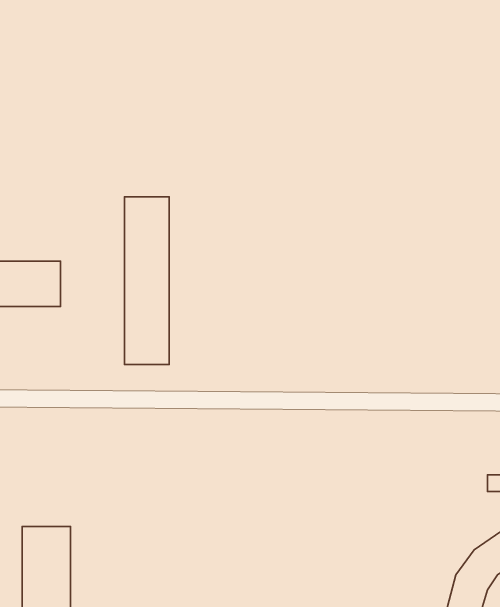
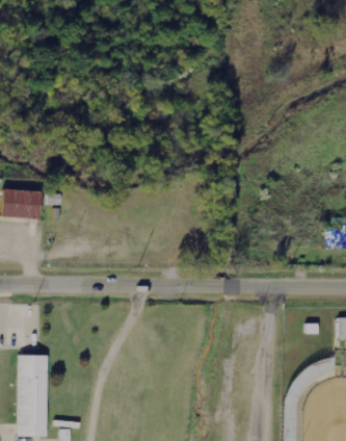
building: [124,197,169,365] -> none

